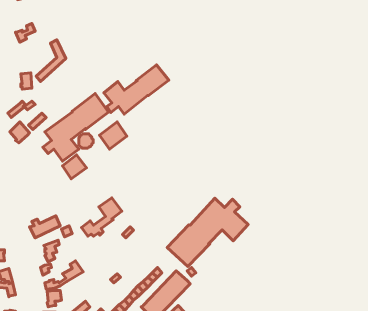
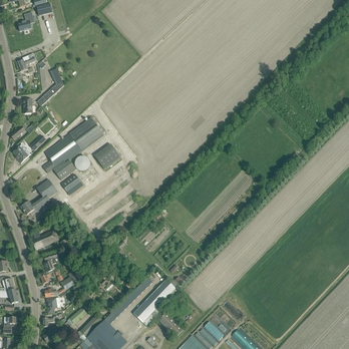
building: [104,65,169,114] -> none
building: [81,198,122,236] -> [21,180,58,215]
building: [167,198,248,266] -> none

